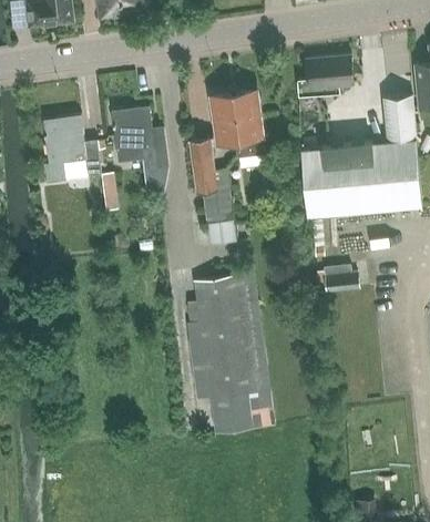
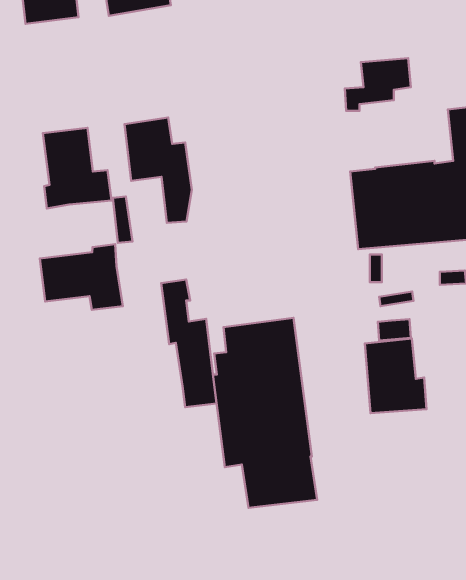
building: [212,92,264,156] -> none
building: [190,137,236,245] -> [161,279,217,407]
building: none -> [40,244,123,310]
building: none -> [365,339,426,413]

